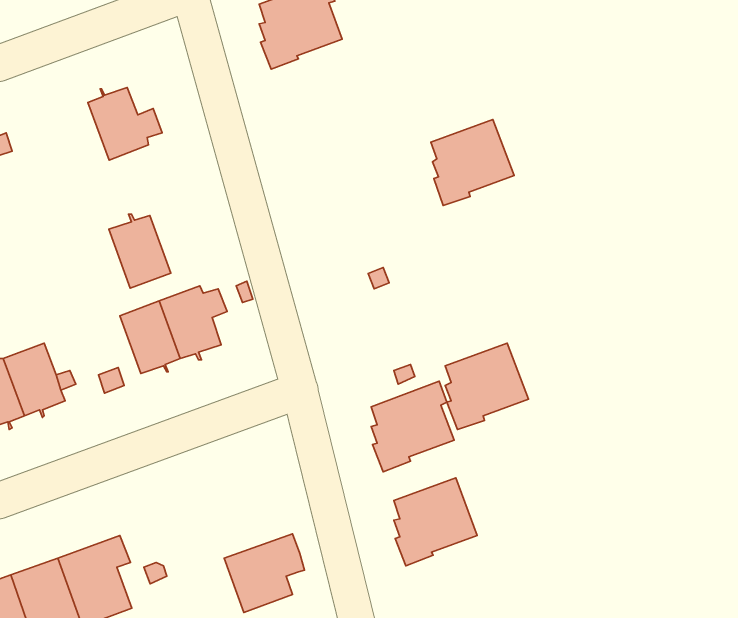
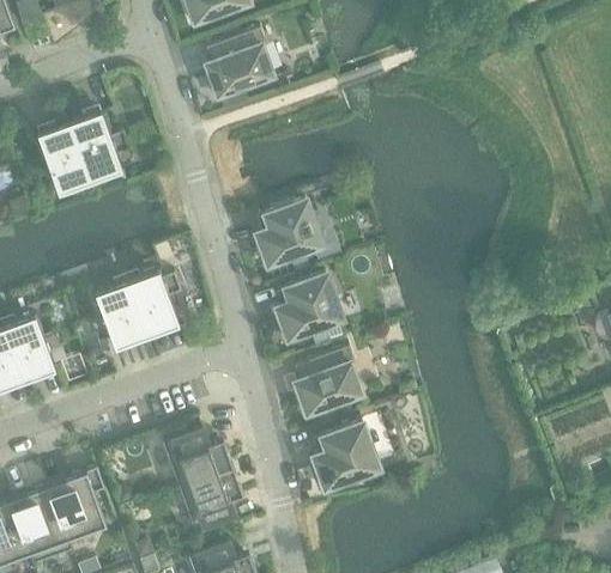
building: [431,119,514,206] -> [255,201,321,269]
building: [109,214,171,288] -> [38,126,87,184]
building: [445,343,528,429] -> [276,275,341,343]
building: none -> [163,431,232,487]

